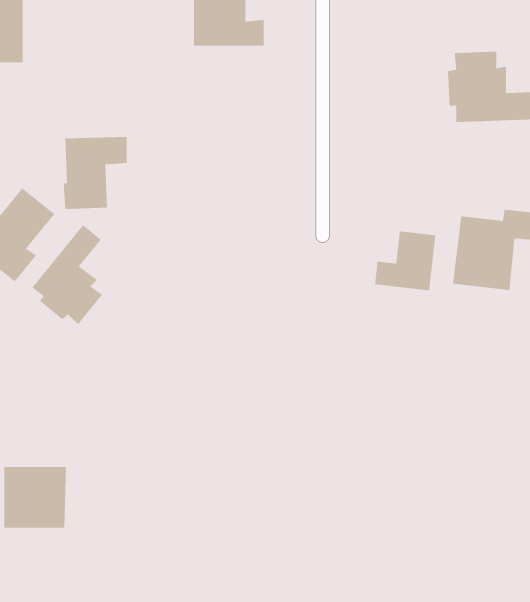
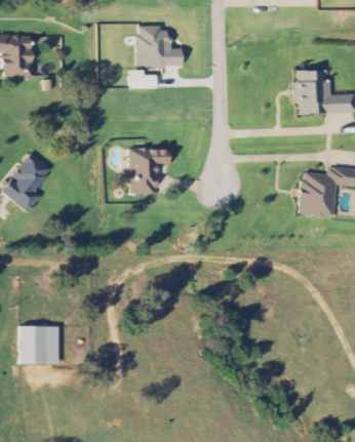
building: [63,136,128,210] -> [127,148,167,193]
building: [32,224,103,325] -> none
building: [374,231,436,291] -> none

